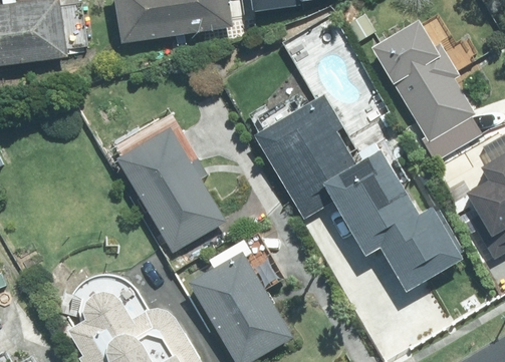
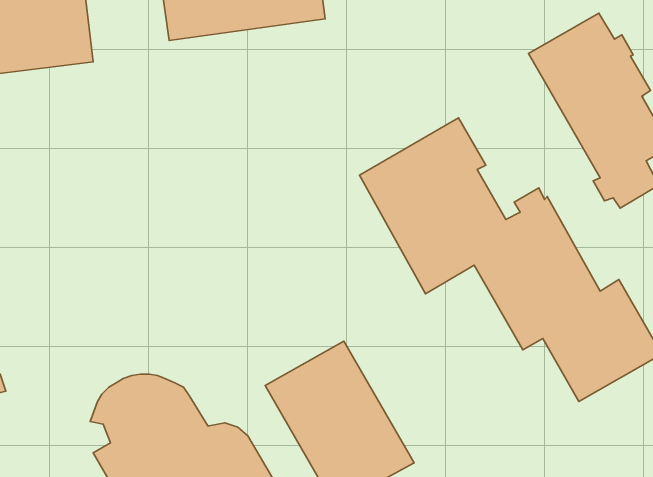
building: [116,117,224,253] -> none

